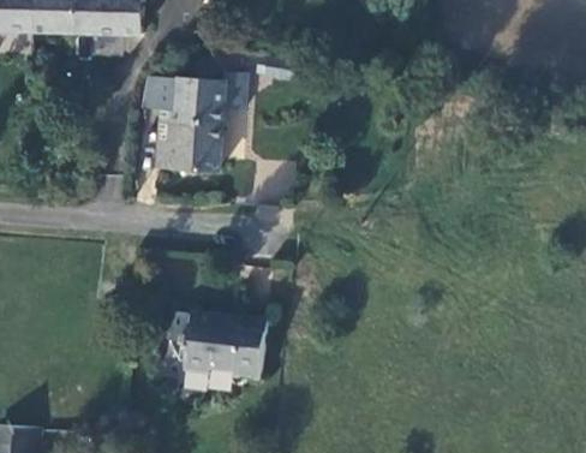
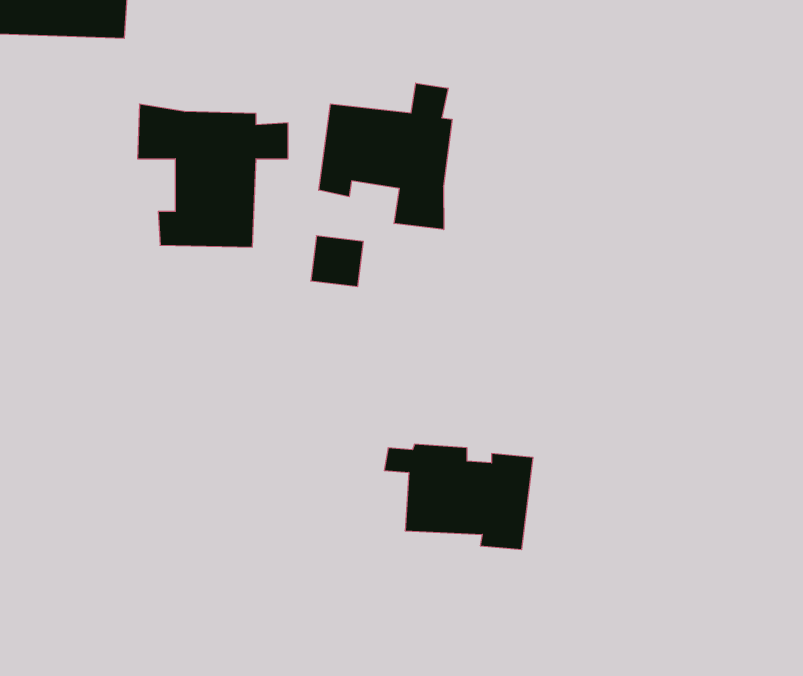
building: none -> [319,83,452,230]
building: [166,311,261,379] -> [384,444,533,550]

